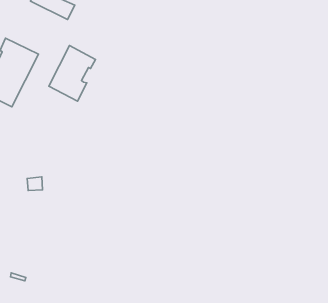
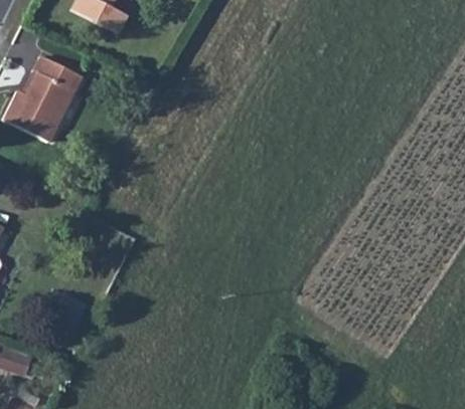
building: [49,46,96,101] -> none

